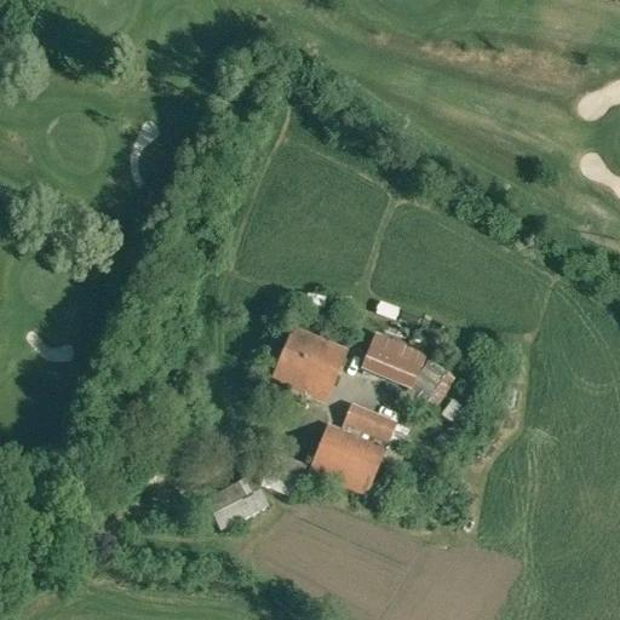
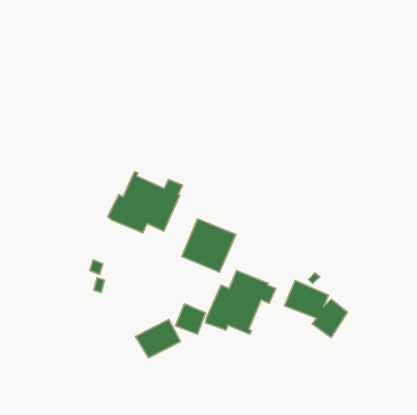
building: none -> [108,172,183,233]
building: [360,331,453,415] -> [285,280,347,338]

